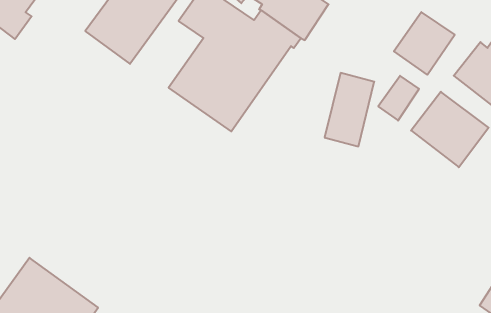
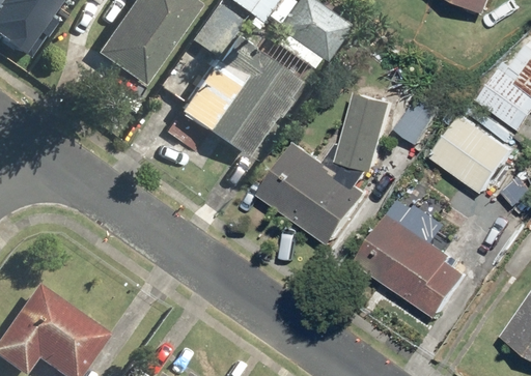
building: [394,12,455,75] -> none
building: none -> [262,143,369,242]
building: none -> [363,205,472,317]

